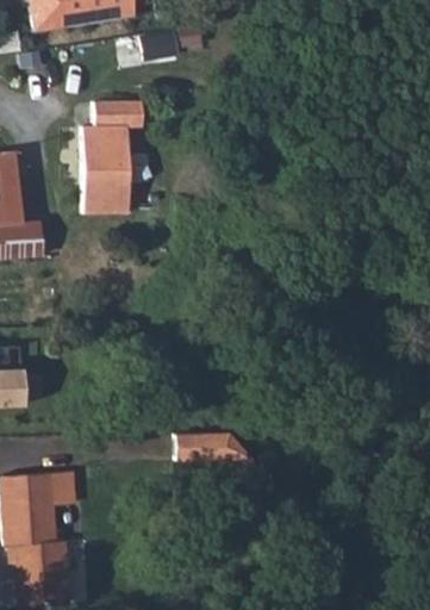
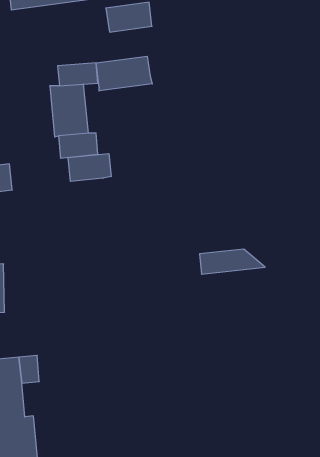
building: none -> [96,56,152,91]
building: none -> [68,154,111,181]
building: [174,429,255,460] -> [200,249,265,274]

